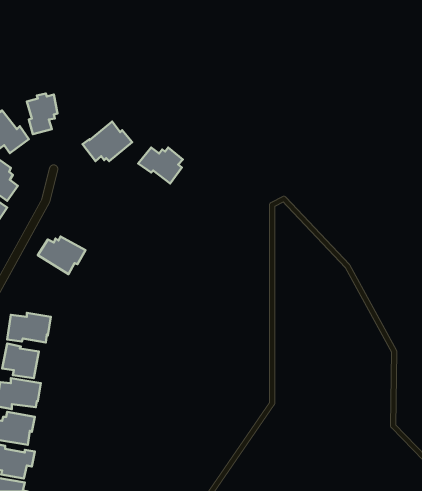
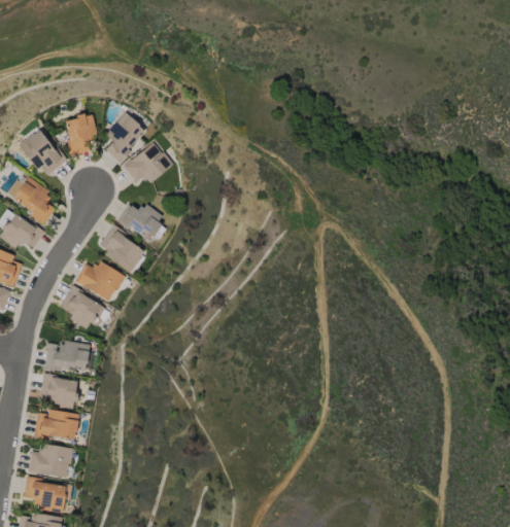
building: none -> [105,112,144,163]
building: [138,148,183,183] -> [116,204,163,241]
building: none -> [100,224,145,274]
building: none -> [60,285,110,329]

